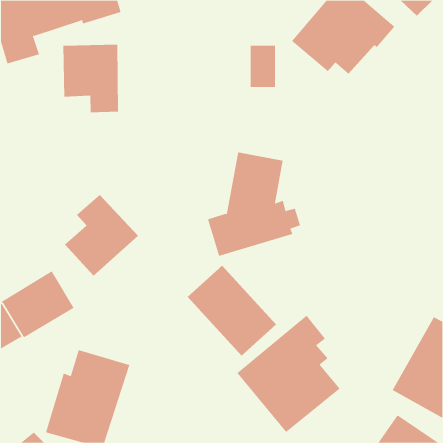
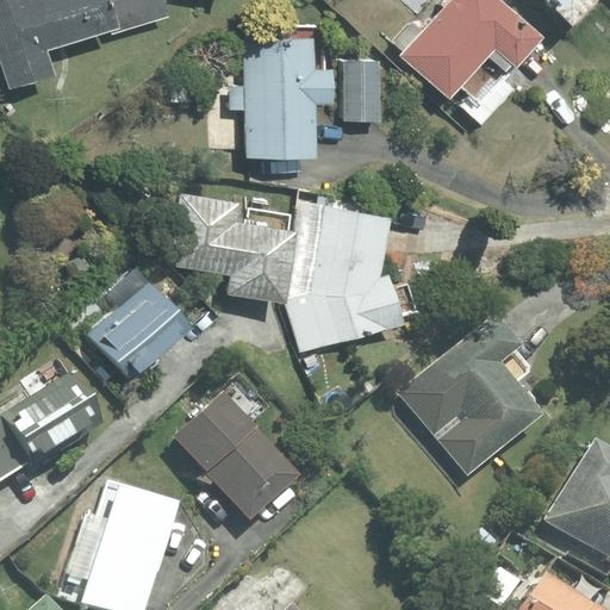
building: none -> [229,42,331,158]
building: [63,44,118,113] -> none
building: none -> [173,197,293,301]
building: [187,265,277,357] -> [175,392,299,518]
building: [237,315,341,433] -> [400,312,543,474]

